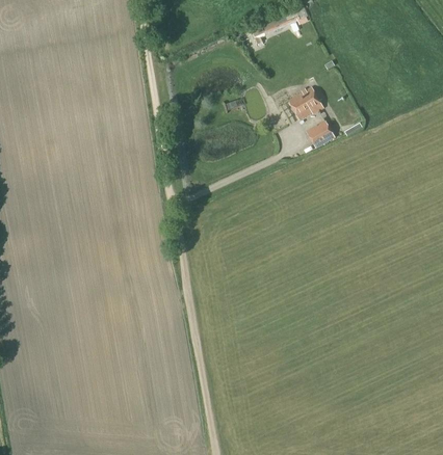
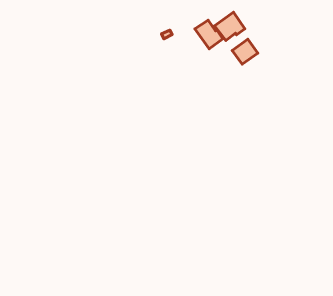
building: none -> [195,20,223,49]

